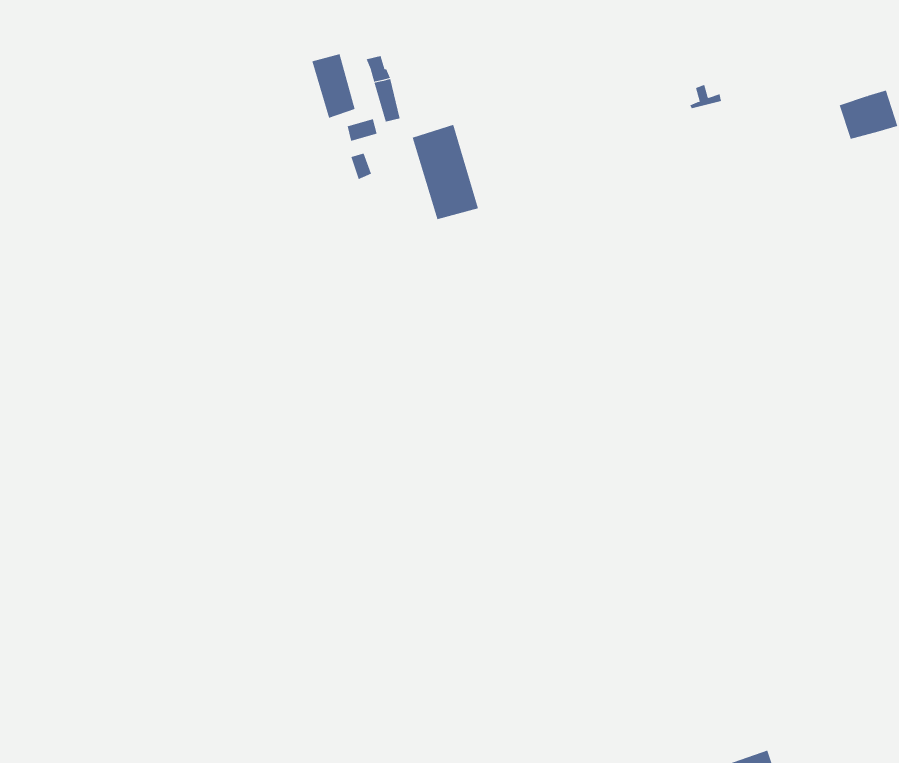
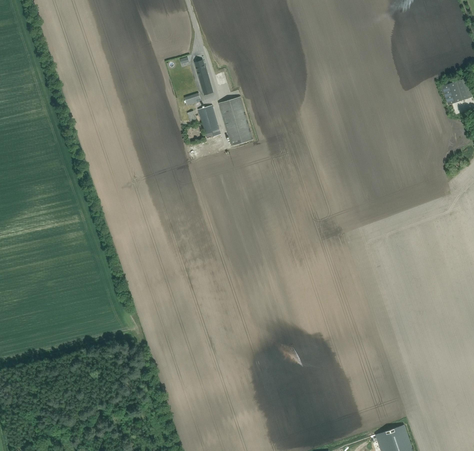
building: [311,54,355,119] -> [197,105,220,139]

